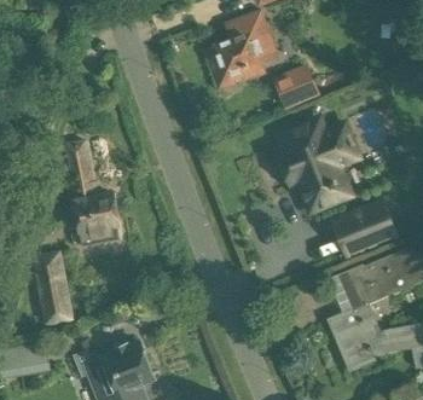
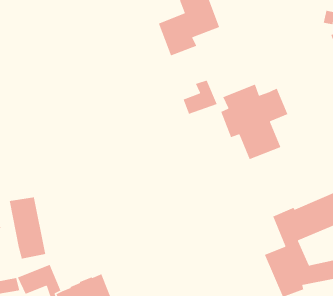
building: [277,63,318,104] -> [182,79,218,115]
building: [64,141,118,247] -> none
building: [332,201,395,255] -> none

